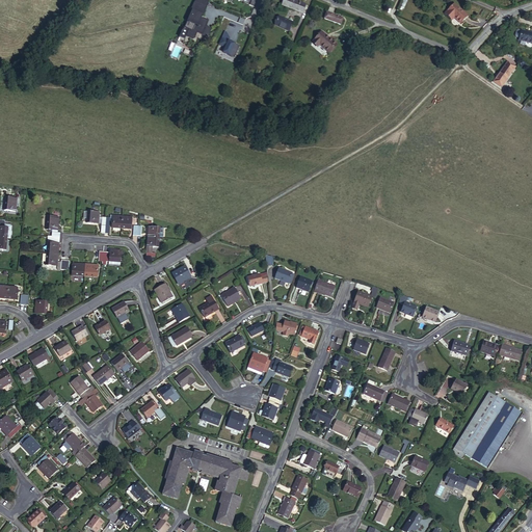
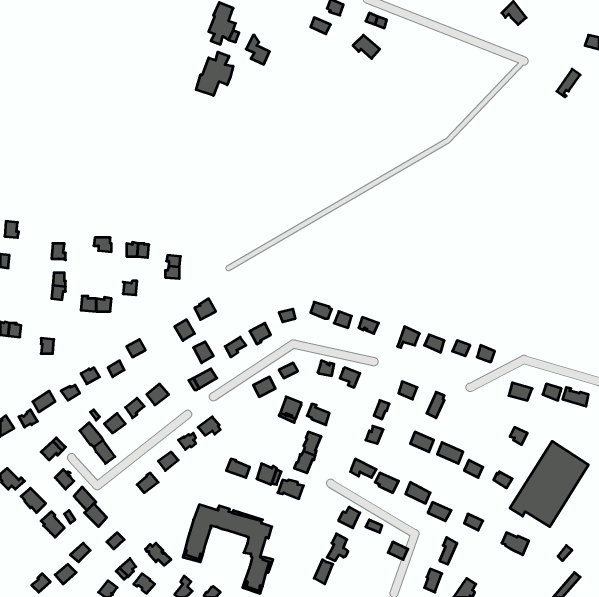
building: none -> [196,52,233,96]

